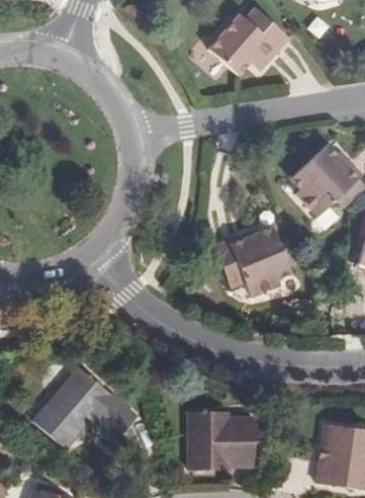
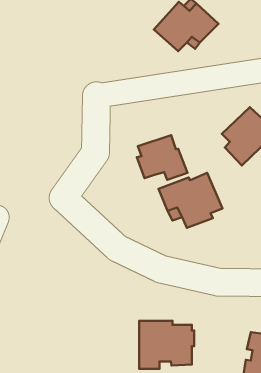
building: none -> [137,135,187,180]
building: [33,366,138,450] -> none

